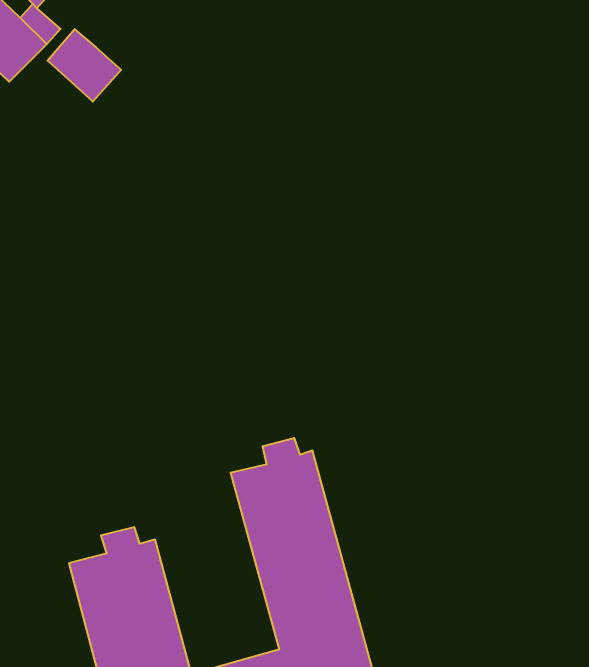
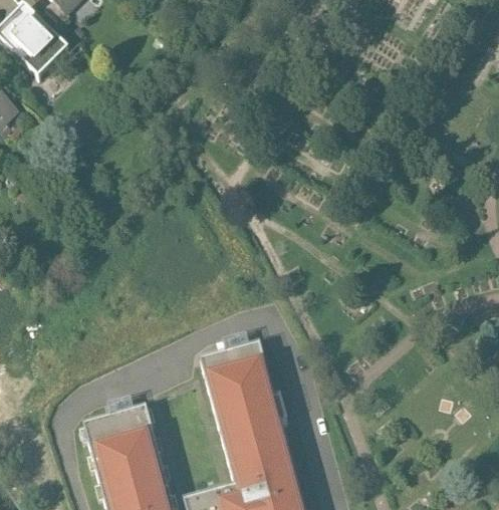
building: [47,29,121,102] -> none

